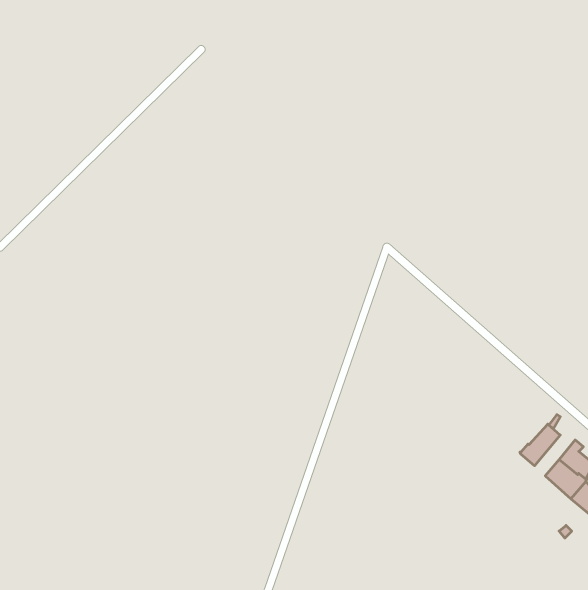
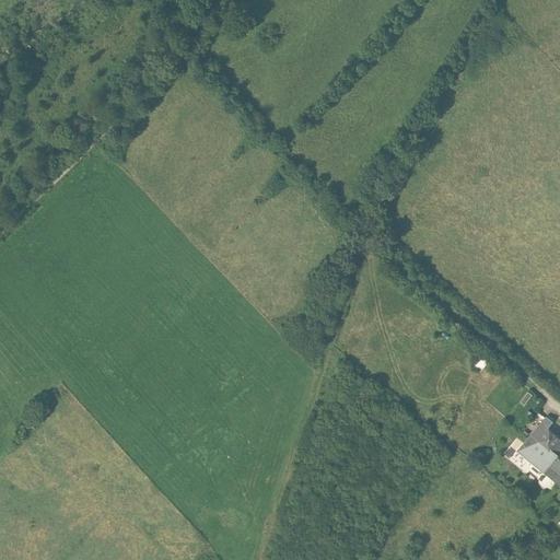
building: [520,424,560,466] -> none

